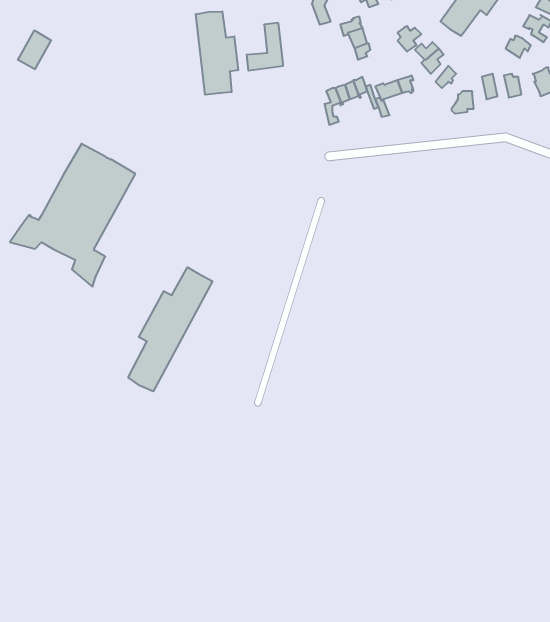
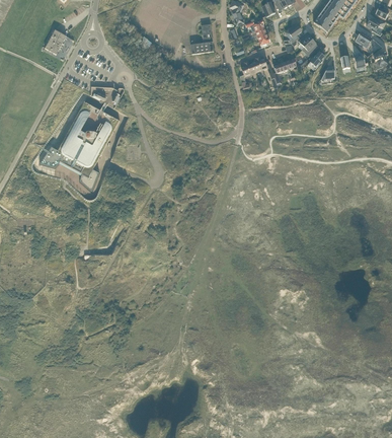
building: [196,11,238,95] -> none
building: [128,267,212,391] -> none

